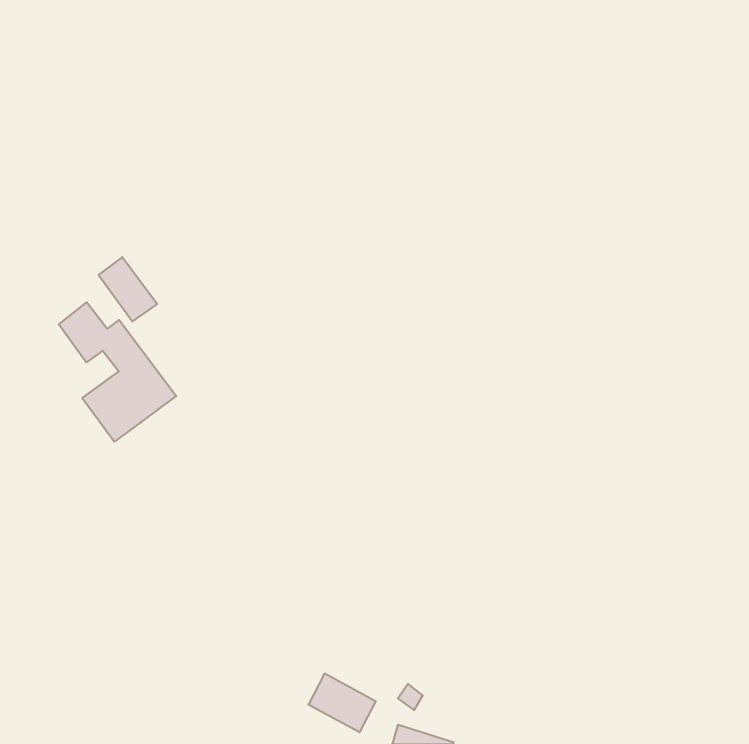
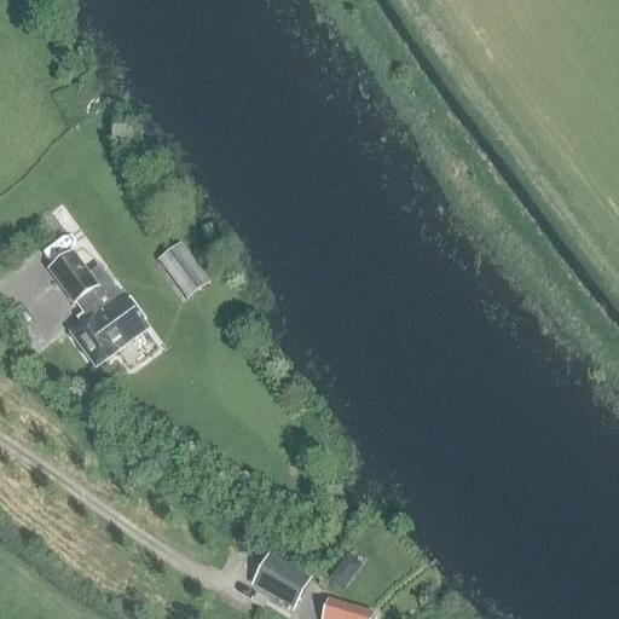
building: [99,257,157,322] -> [161,242,209,295]

